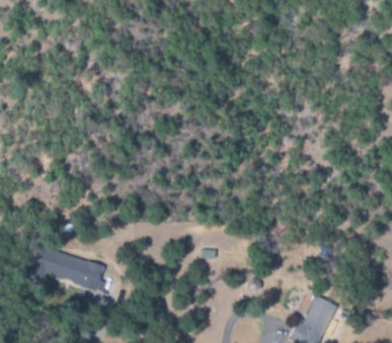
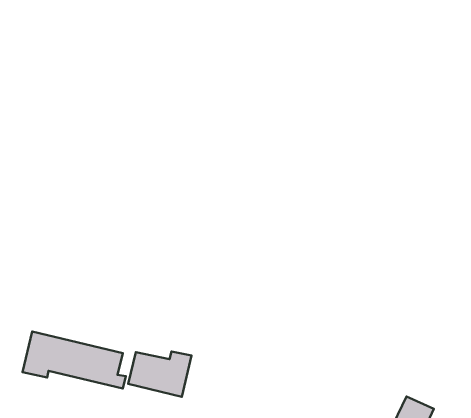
building: none -> [128,352,192,397]

